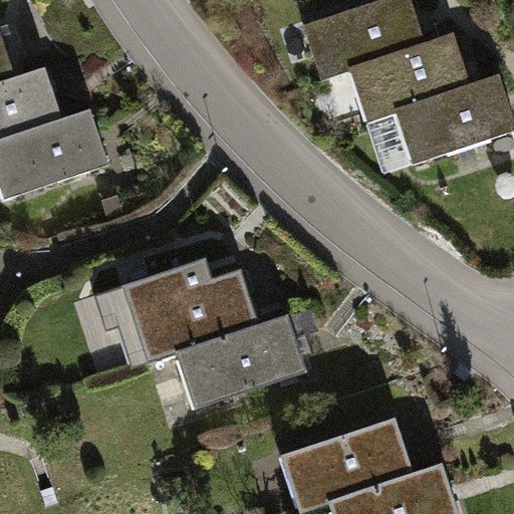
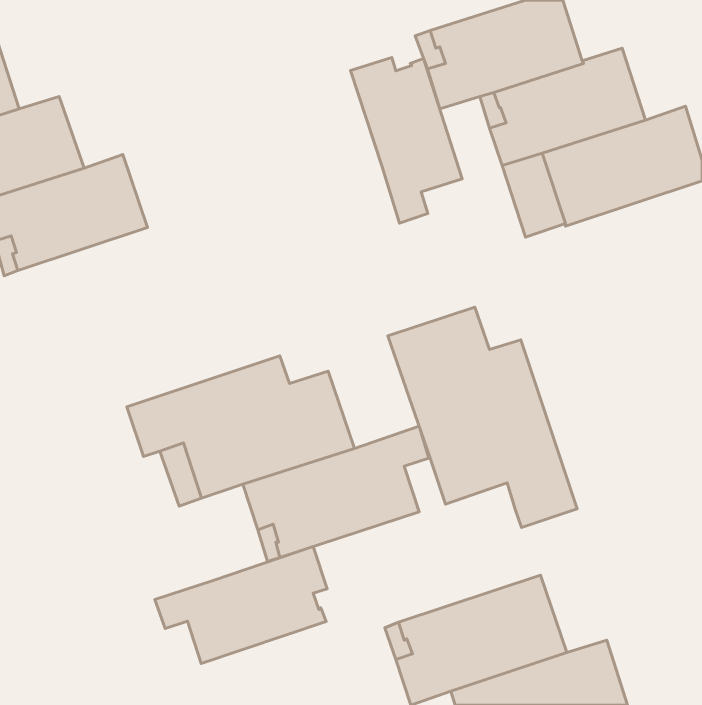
building: none -> [351,57,462,223]
building: none -> [388,307,577,527]
building: none -> [155,547,327,663]

